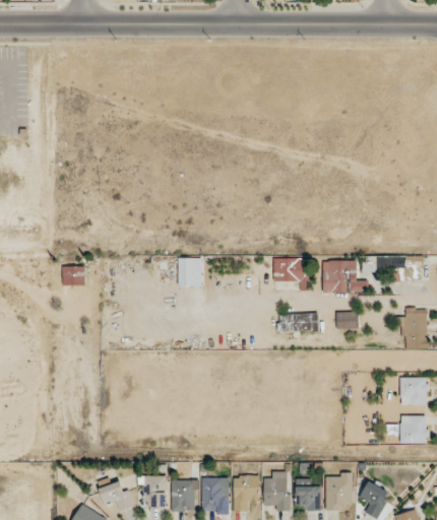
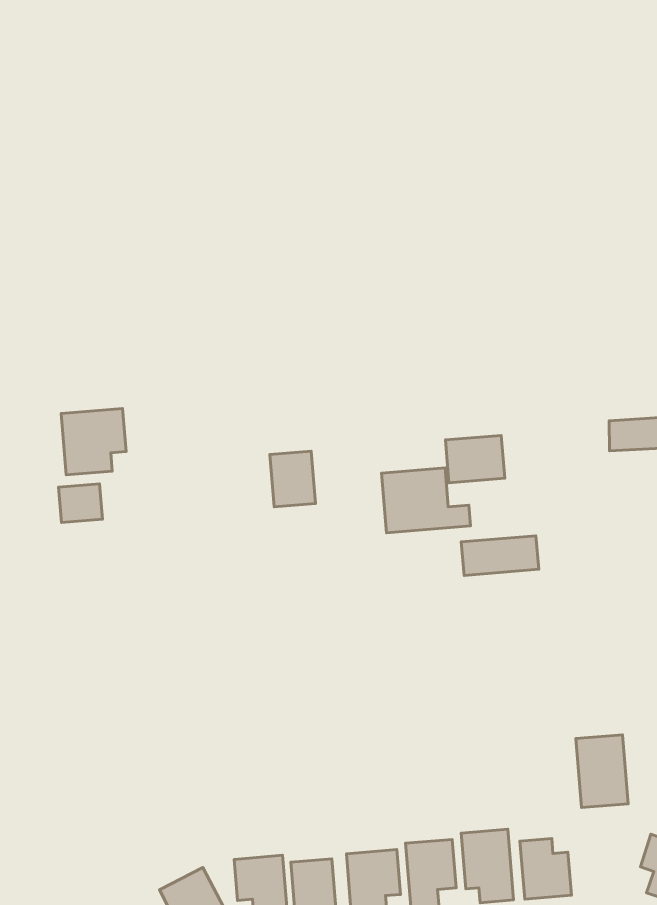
building: none -> [61,408,126,475]
building: [322,260,368,292] -> [382,468,471,533]
building: [335,311,360,329] -> none
building: [326,472,352,510] -> [576,735,628,808]

